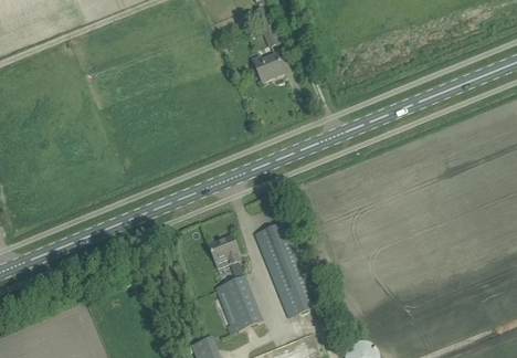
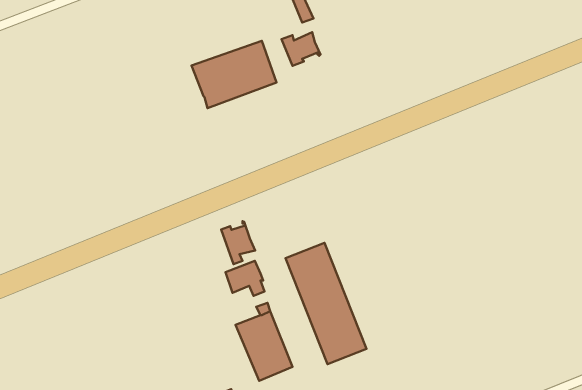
building: none -> [192,41,277,108]
building: none -> [221,221,255,264]

